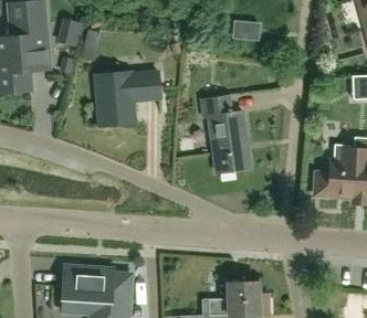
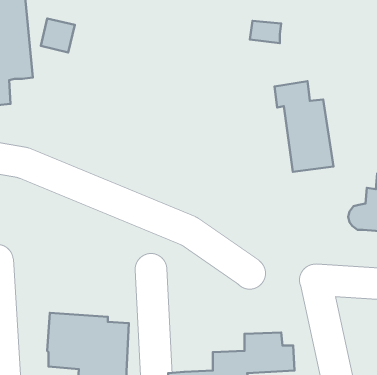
building: [96,70,162,125] -> none
building: [202,95,252,171] -> [274,81,334,172]

